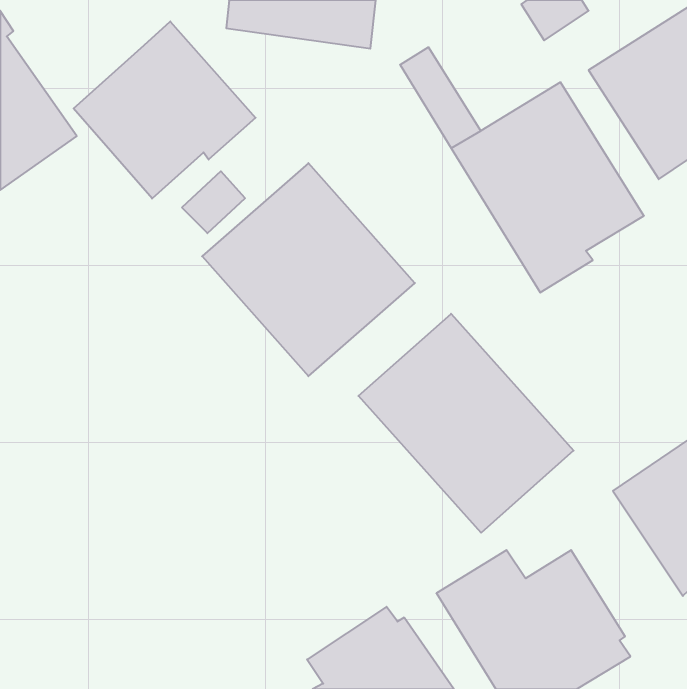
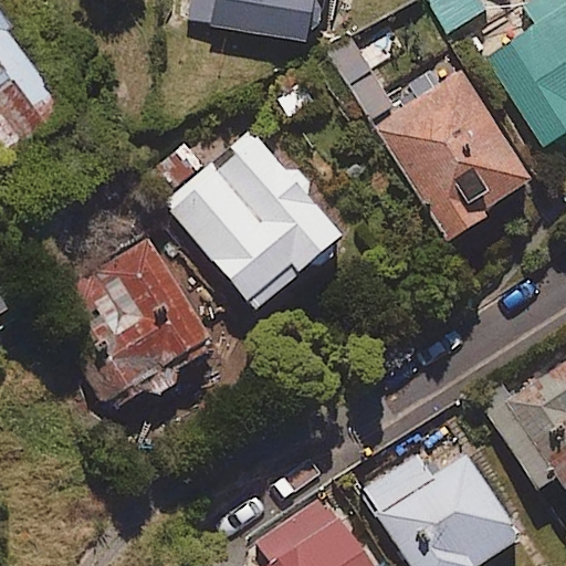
building: [74,21,256,199] -> none
building: none -> [66,234,213,388]
building: [358,314,574,533] -> none

